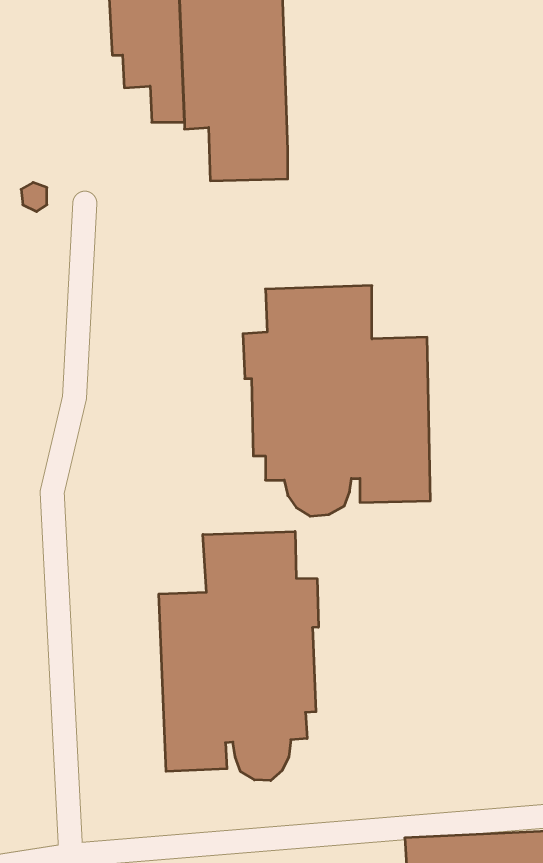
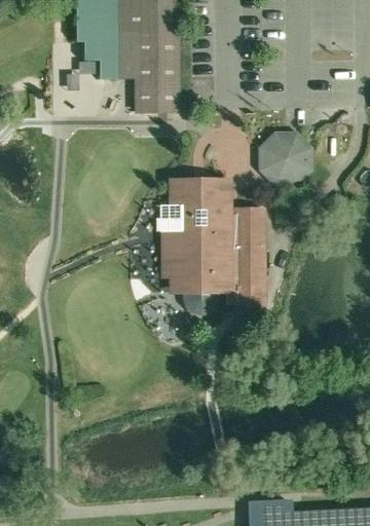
building: none -> [259,129,316,186]
building: [159,531,318,781] -> none

